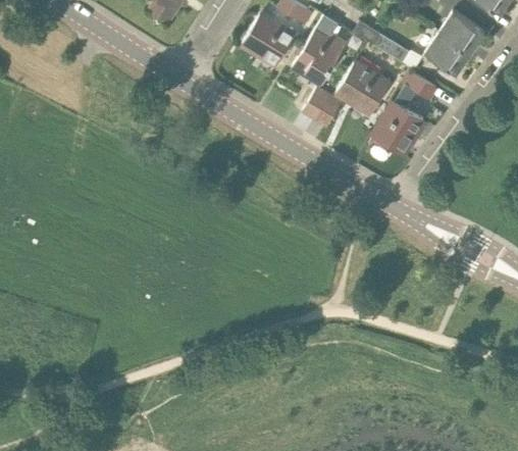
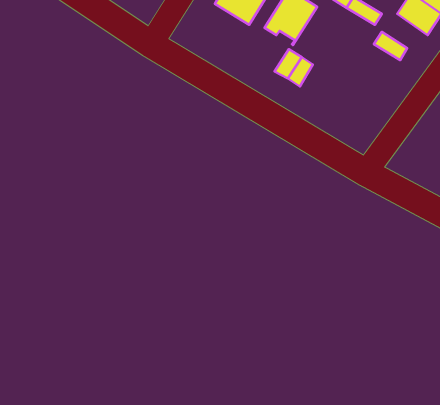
building: [335,62,388,112] -> none
building: [373,101,423,154] -> none

